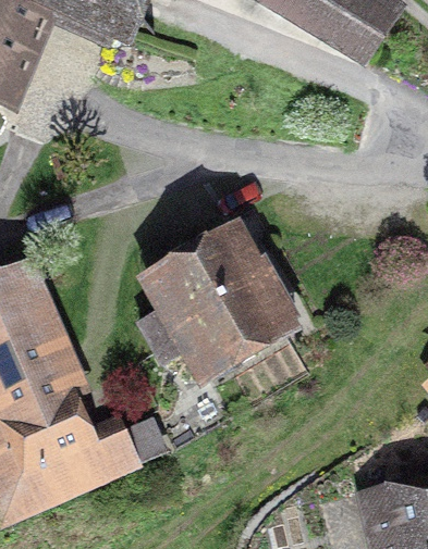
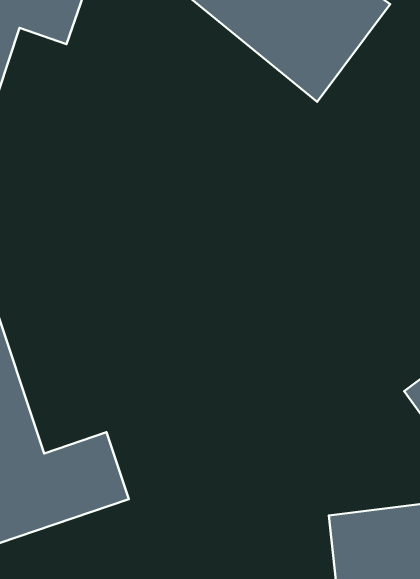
building: [120,225,280,384] -> none

